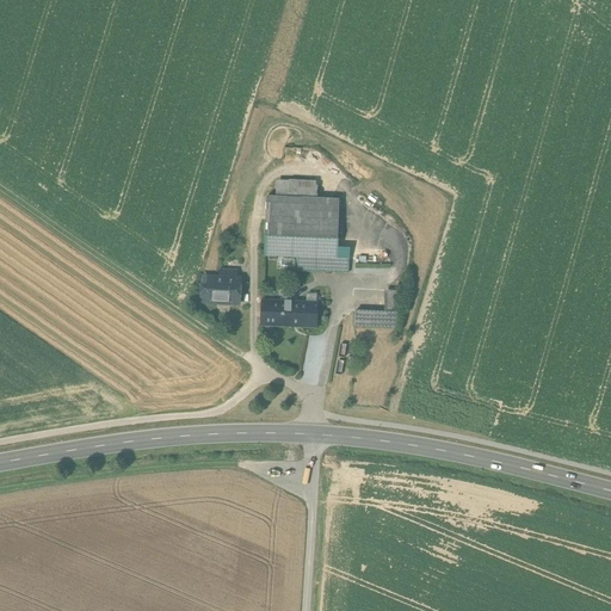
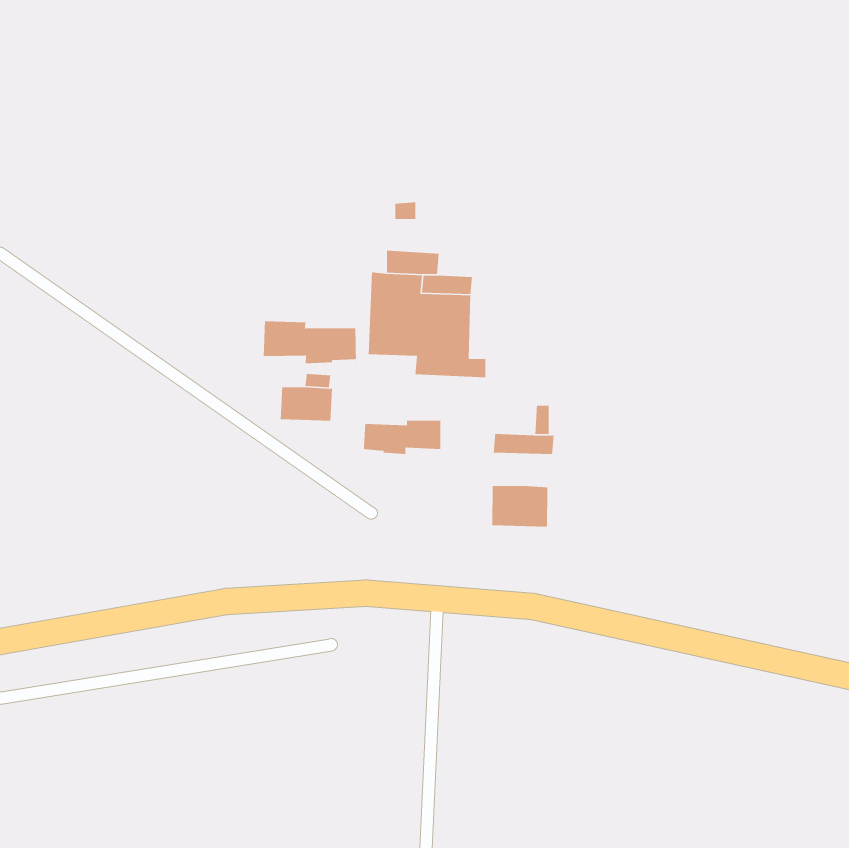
building: none -> [263,320,357,364]
building: none -> [491,485,548,527]

